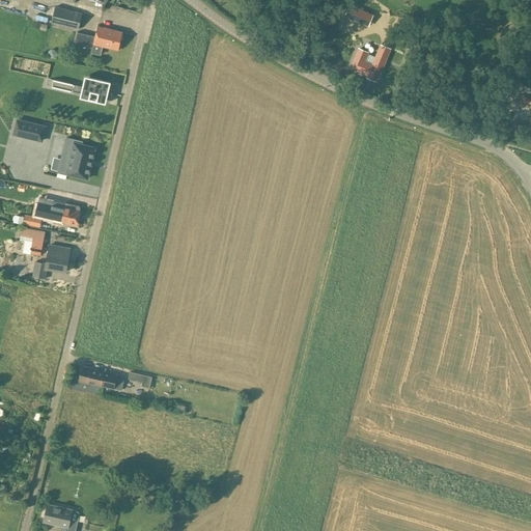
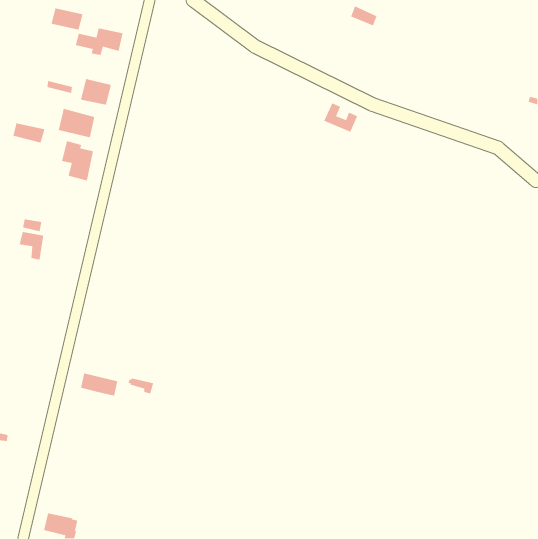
building: [350,49,384,79] -> [323,102,358,133]
building: none -> [58,108,95,138]
building: [44,200,79,226] -> none
building: [31,246,68,279] -> none

